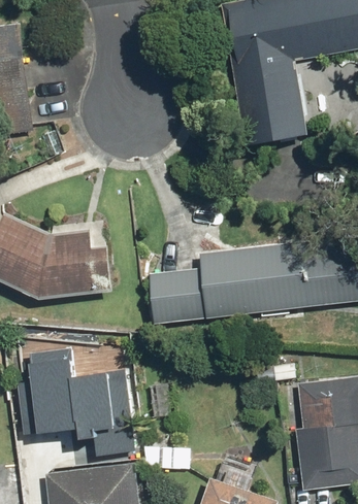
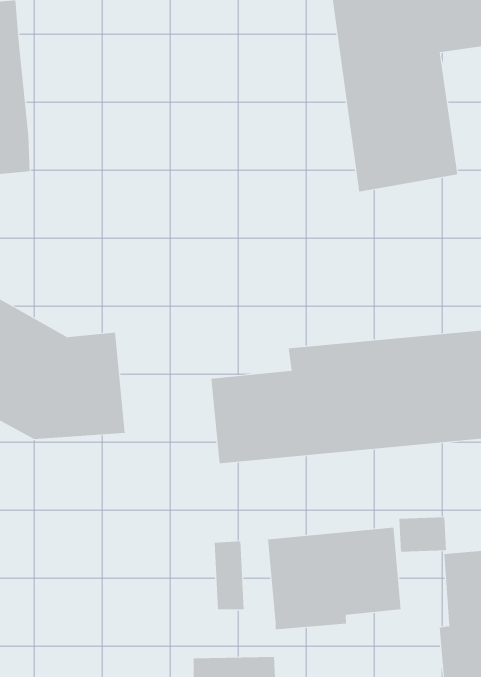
building: [30,341,139,446] -> none
building: none -> [268,527,401,630]

